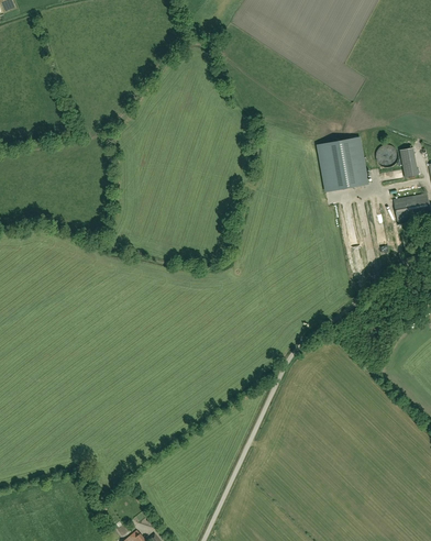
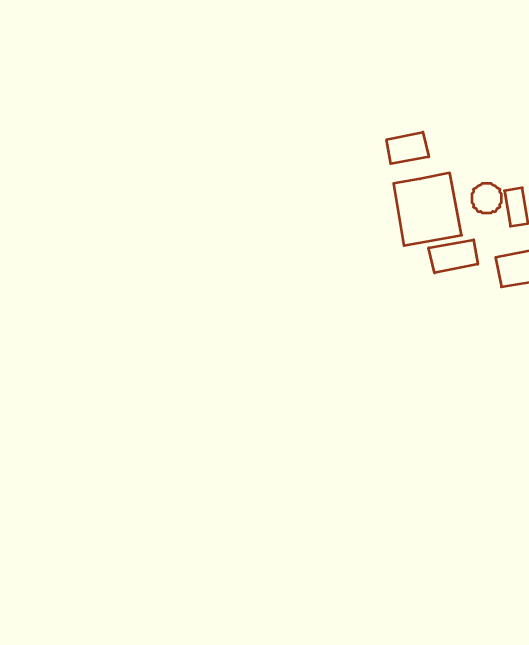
building: none -> [387,132,429,164]
building: none -> [429,240,478,273]

